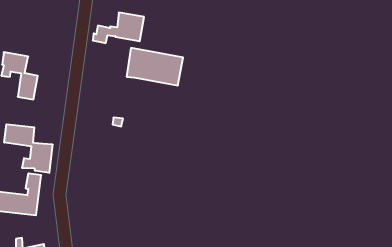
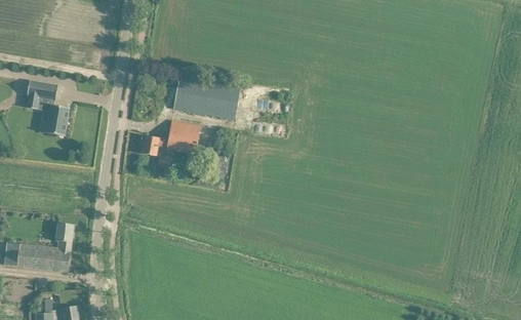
building: [93,13,144,43] -> [139,120,200,156]
building: [4,124,52,173] -> none

